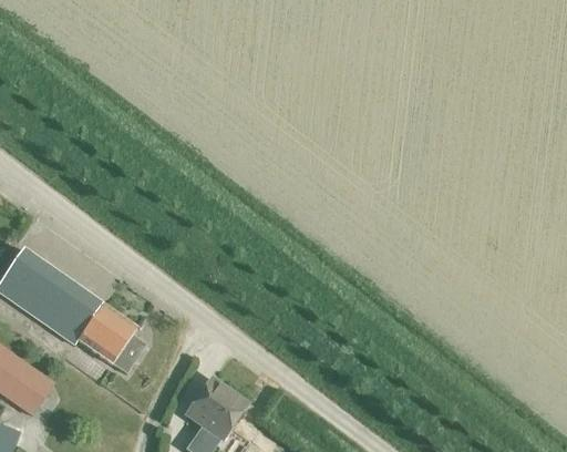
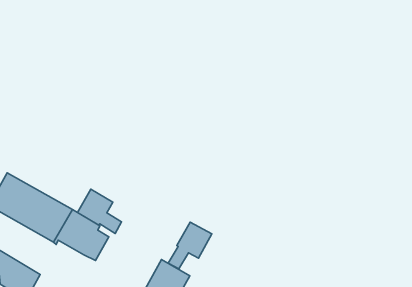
building: none -> [78,189,121,233]
building: none -> [168,222,212,269]

